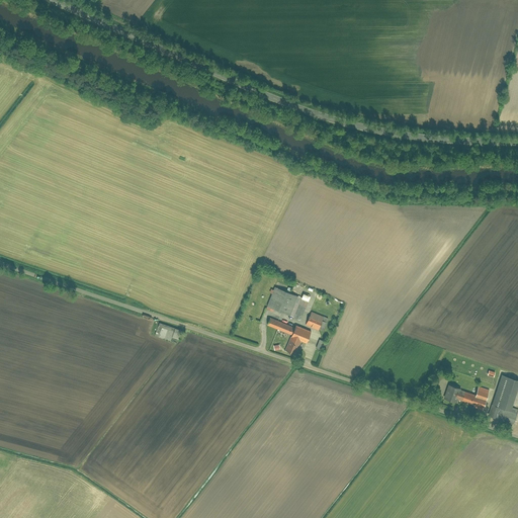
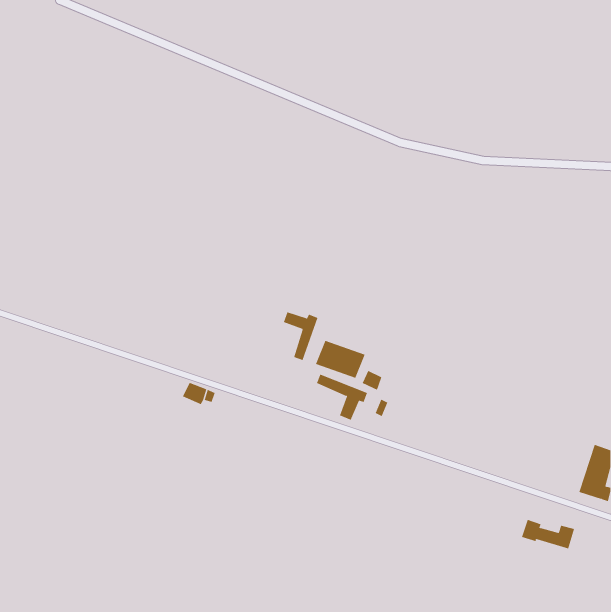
building: none -> [283,312,318,361]
building: [443,383,489,409] -> [521,519,575,549]

